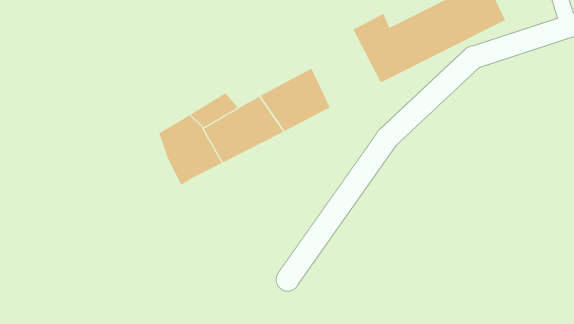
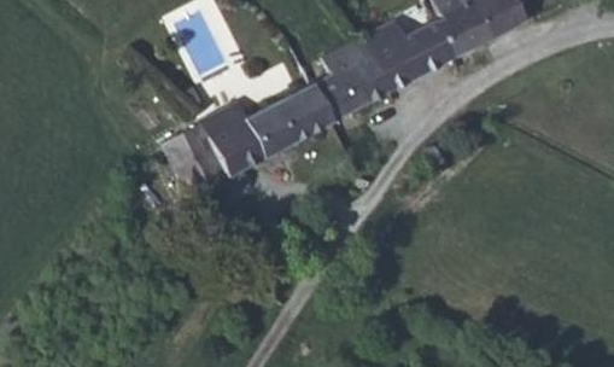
building: none -> [324,35,396,116]

